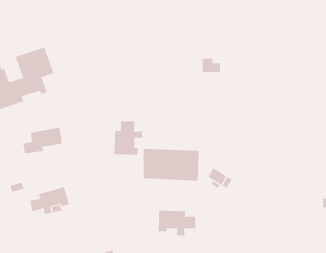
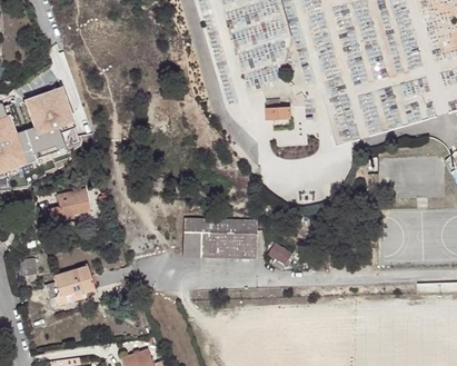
building: [114,121,143,156] -> none
building: [158,210,196,236] -> none

